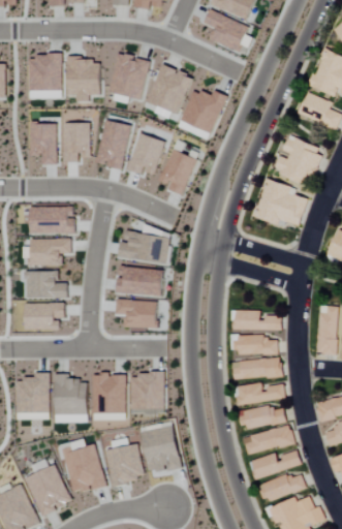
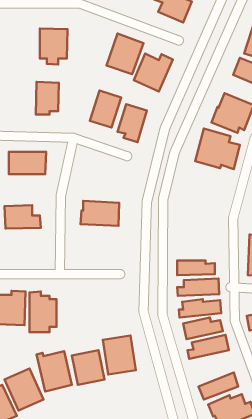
building: [106,52,149,103] -> none
building: [28,56,61,92] -> none
building: [96,121,129,169] -> none
building: [30,124,56,165] -> none
building: [120,232,169,262] -> none
building: [30,239,70,267] -> none
building: [115,301,157,329] -> none
building: [24,303,65,331] -> none
building: [232,311,282,331] -> none
building: [130,373,163,409] -> none
building: [91,375,125,415] -> none
building: [249,449,302,478] -> none

